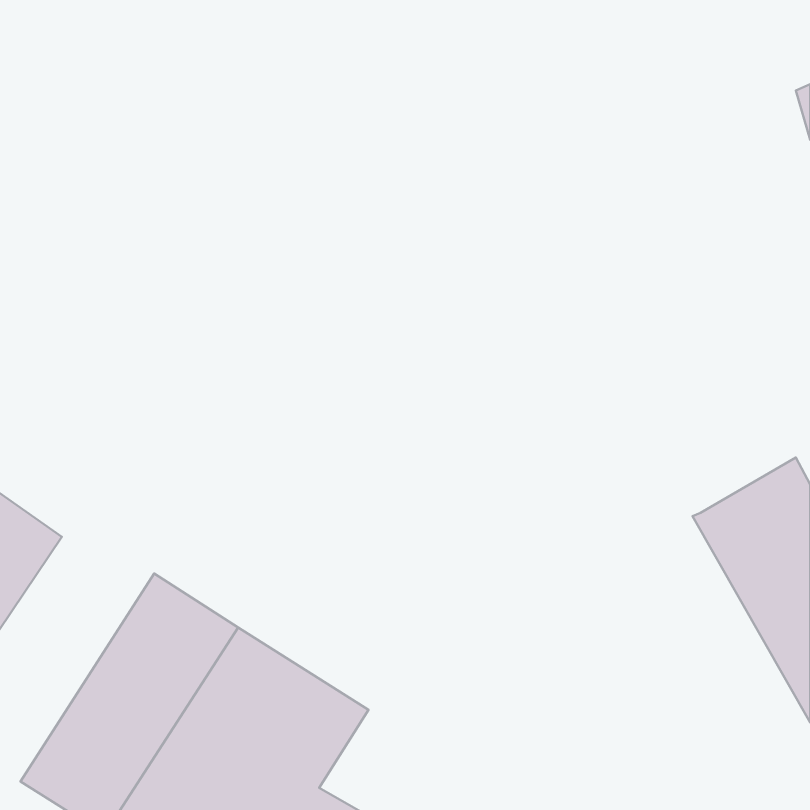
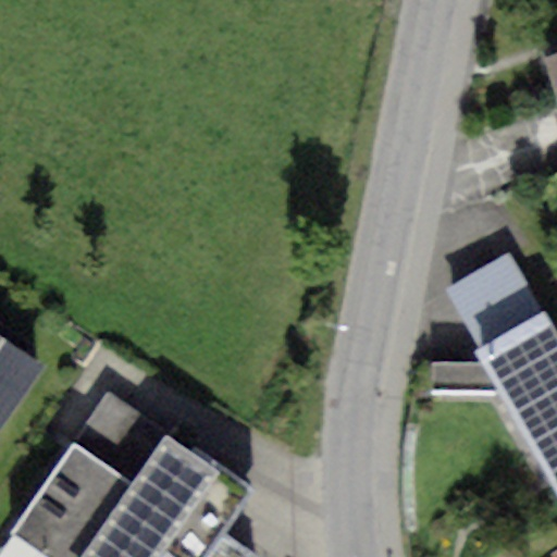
building: none -> [444,253,545,352]

